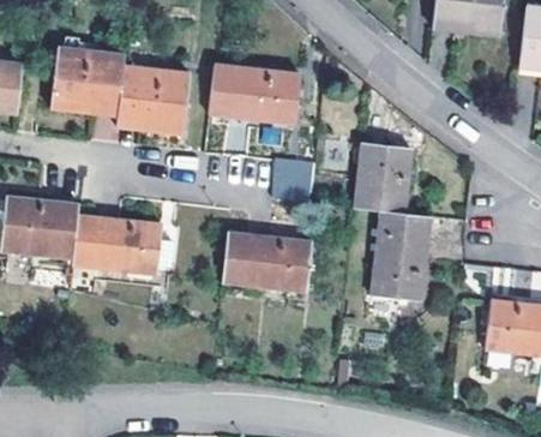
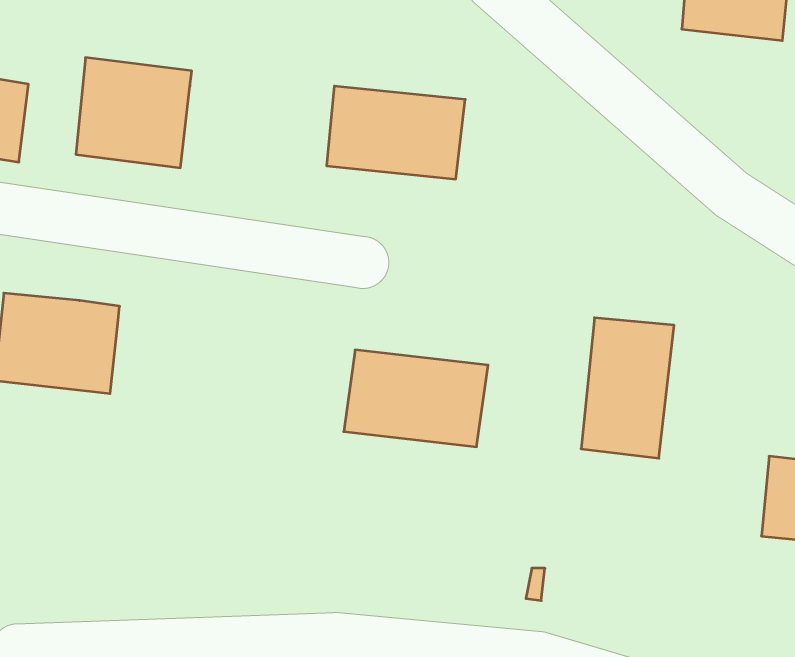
building: [116,65,190,134] -> none
building: [355,143,410,211] -> none
building: [270,157,312,202] -> none
building: [72,215,175,275] -> none

